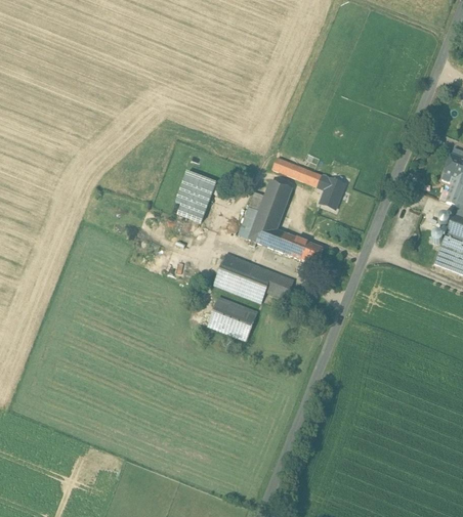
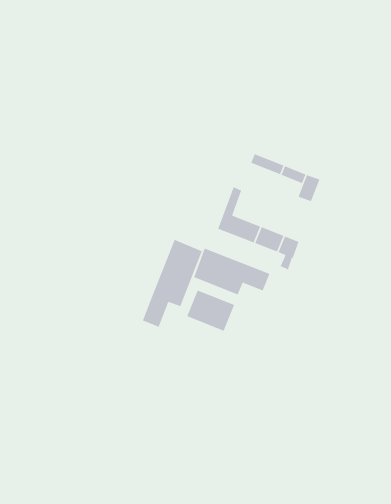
building: [178,171,220,222] -> none
building: [255,180,292,229] -> none
building: none -> [142,239,203,328]

